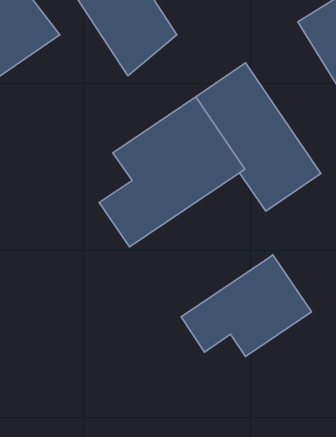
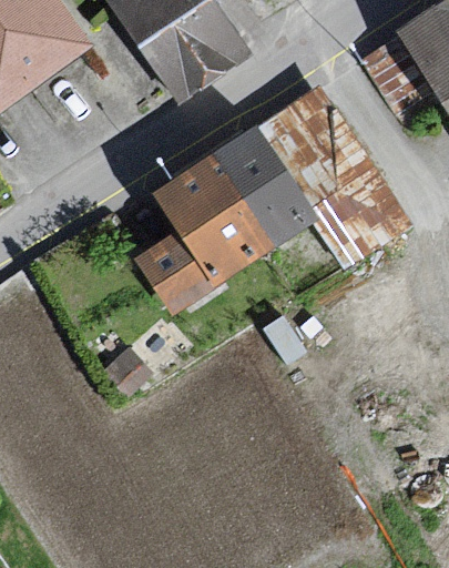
building: [181,255,311,356] -> none

